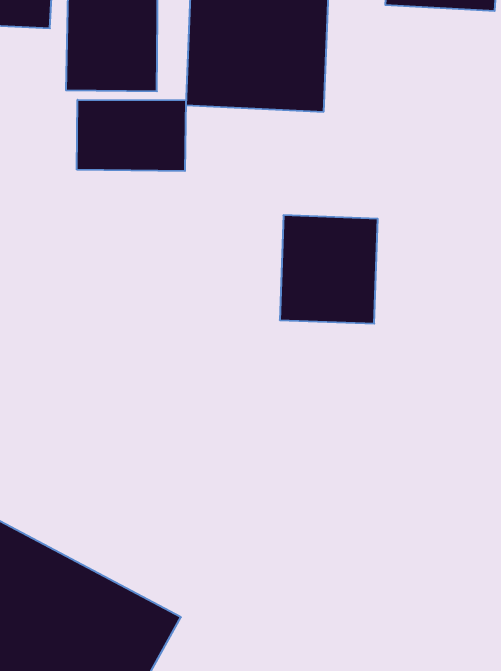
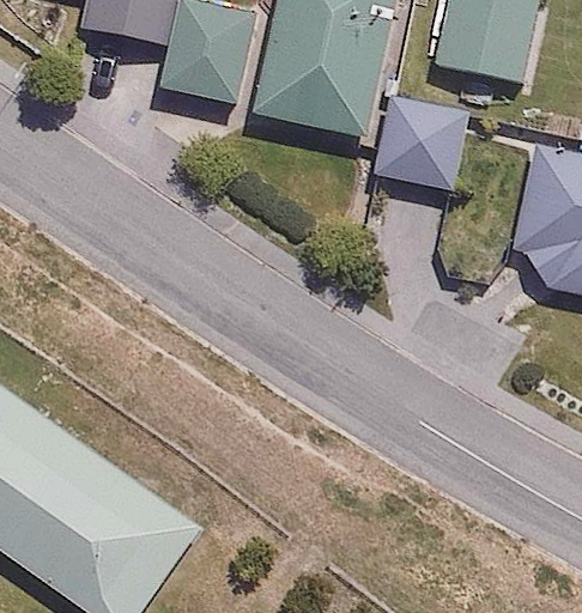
building: [77,100,186,171] -> none
building: [280,215,378,324] -> [380,93,469,190]

